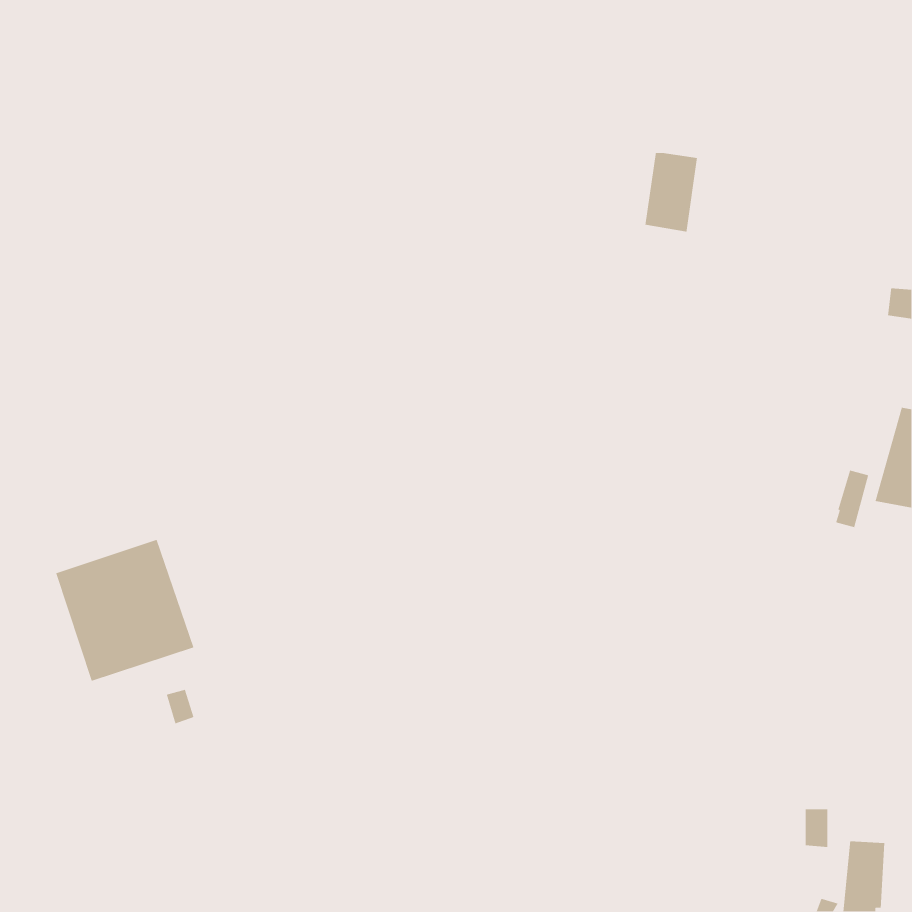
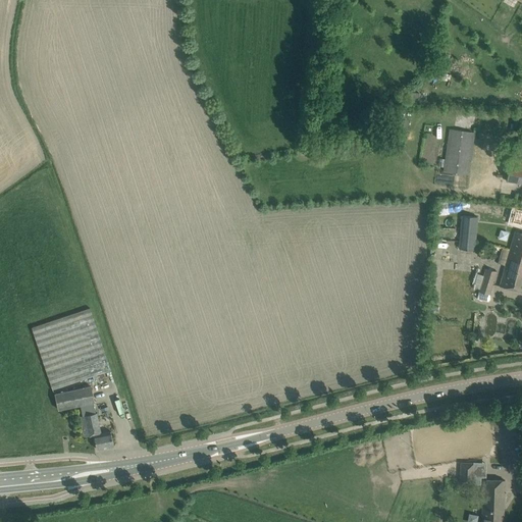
building: [644,152,698,232] -> [443,129,474,175]
building: none -> [459,215,477,250]
building: none -> [55,386,113,449]

